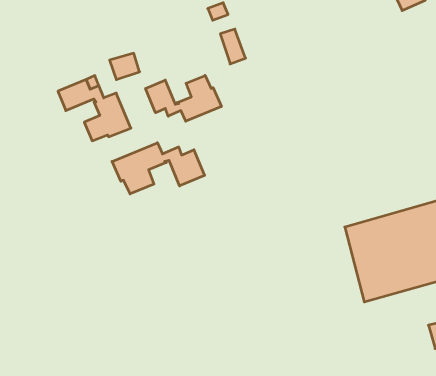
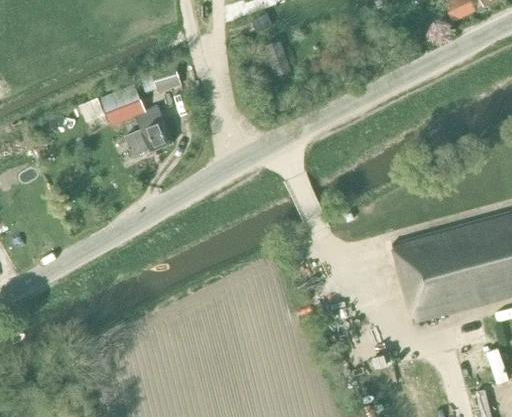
building: [146,75,221,121] -> none
building: [112,143,205,194] -> none

